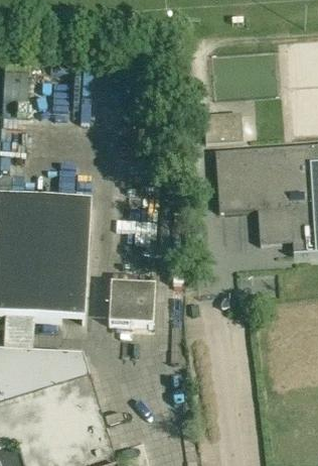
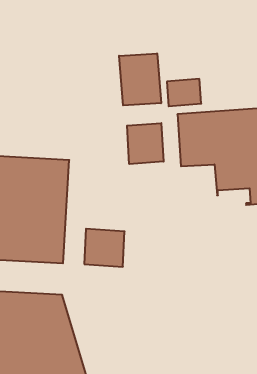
building: none -> [119,53,161,105]
building: none -> [127,123,164,164]

